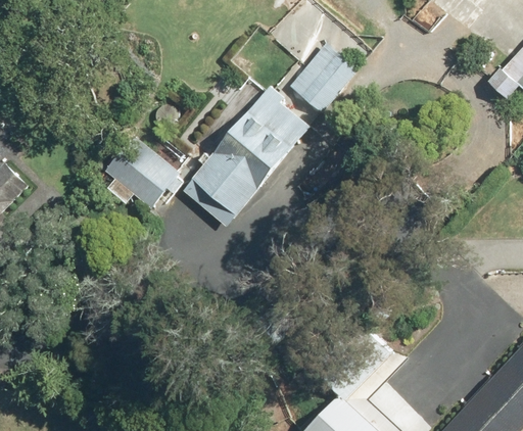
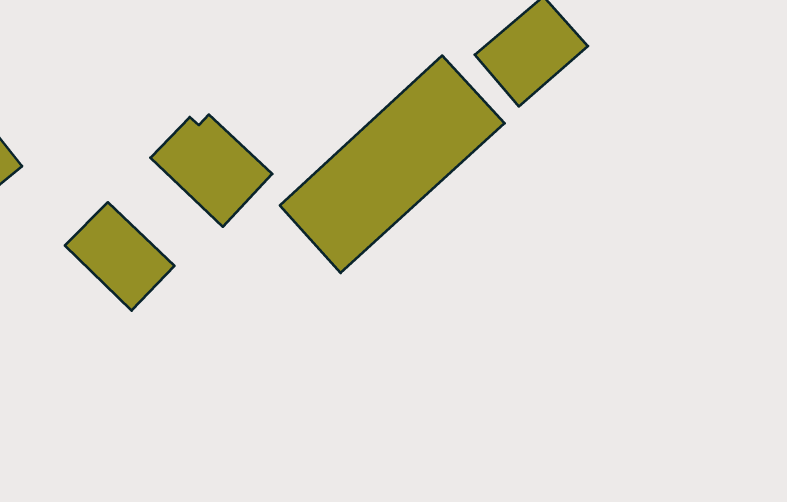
building: none -> [65,202,174,311]

